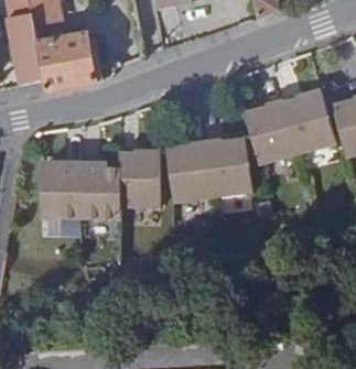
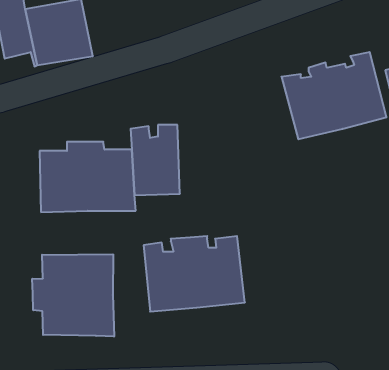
building: [175,132,261,196] -> [144,236,245,312]
building: none -> [32,254,114,337]

